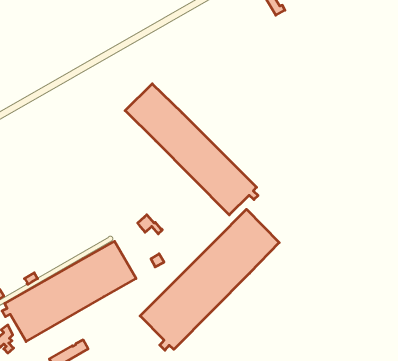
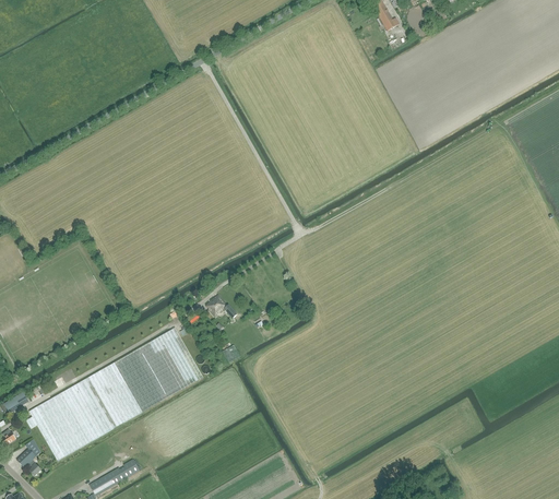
building: [125,84,258,215] -> none
building: [140,209,279,350] -> none

